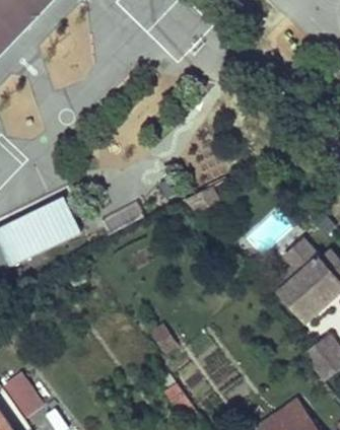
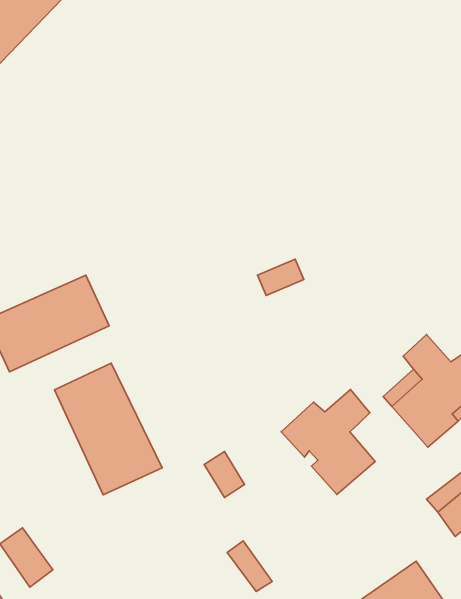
building: none -> [54,363,162,495]
building: none -> [281,389,375,495]

